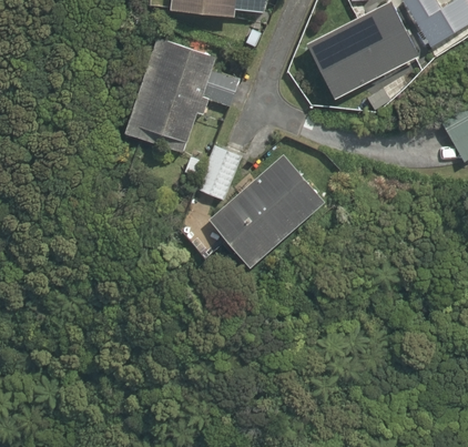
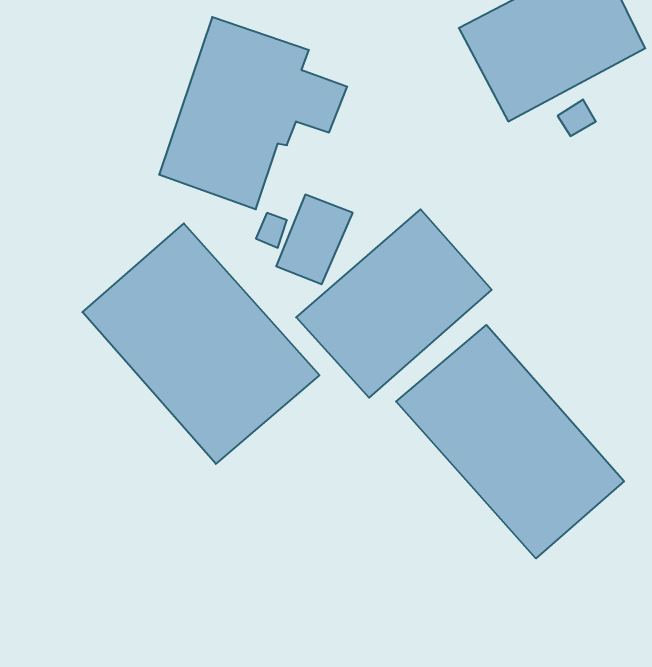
building: none -> [82,223,319,464]
building: none -> [396,325,624,558]

